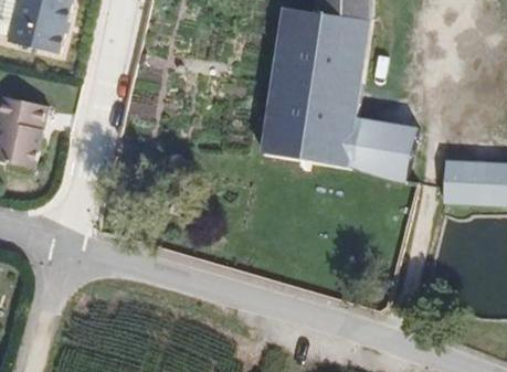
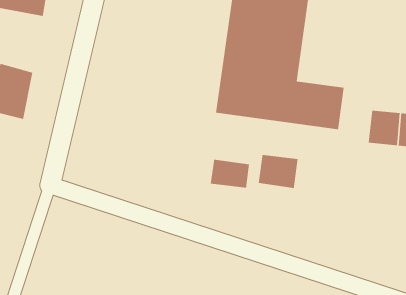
building: none -> [258,154,298,189]
building: none -> [210,159,250,188]

